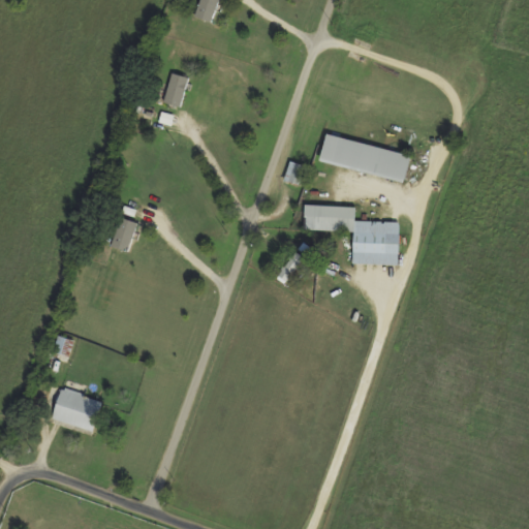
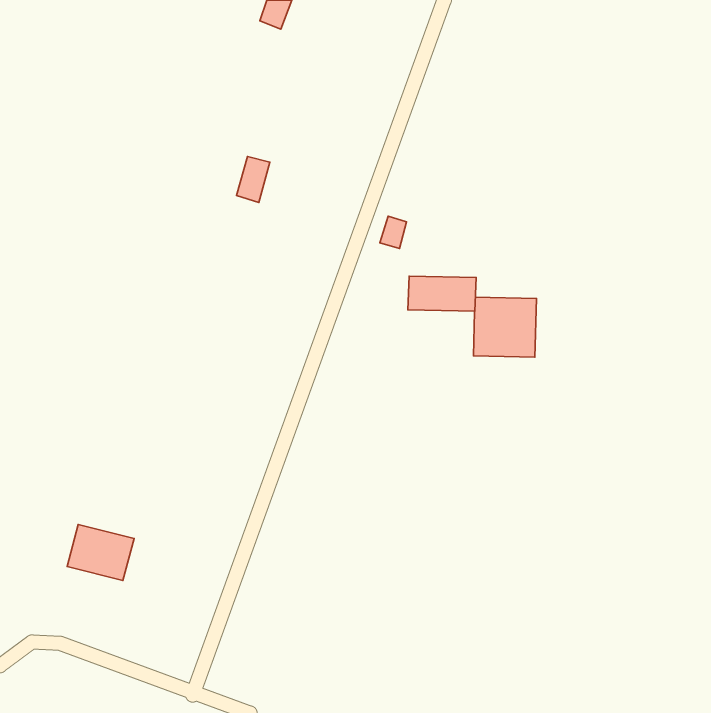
building: [163,72,188,106] -> [236,157,270,203]
building: [319,133,410,181] -> none
building: [112,217,136,251] -> none

